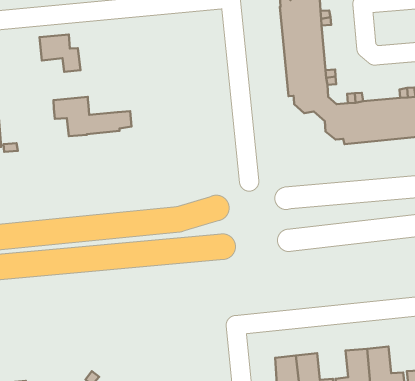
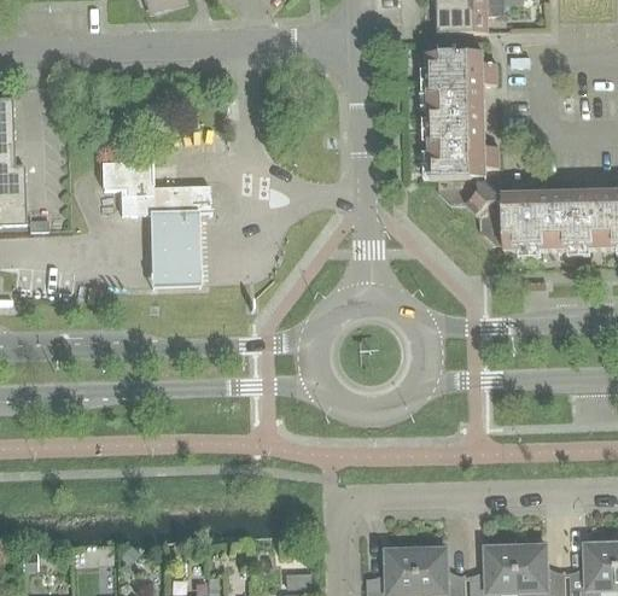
building: [40,35,81,72] -> none
building: none -> [145,212,202,297]

